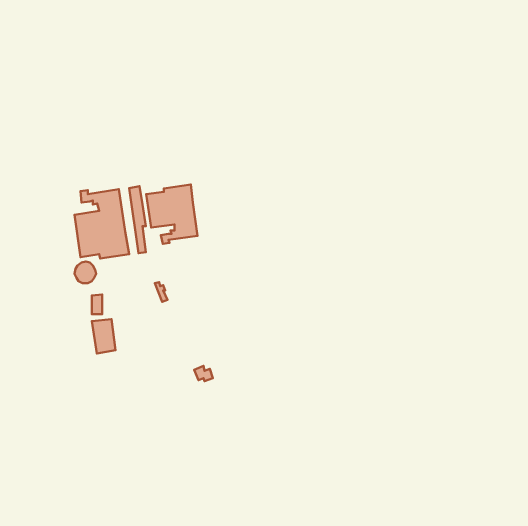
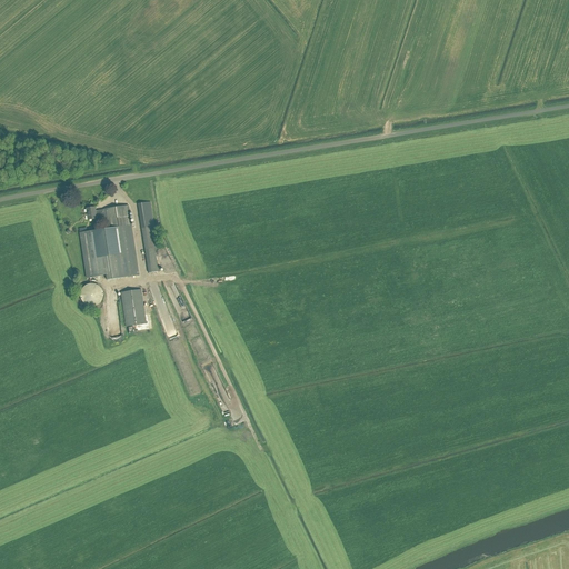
building: [146,184,198,244] -> none
building: [92,319,116,353] -> [120,288,146,325]

